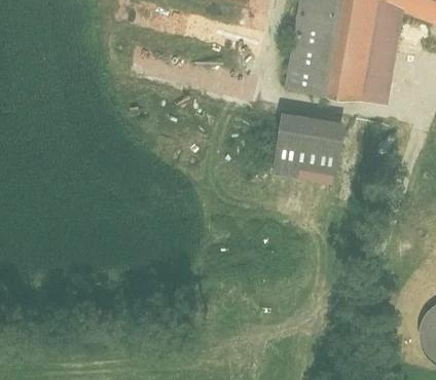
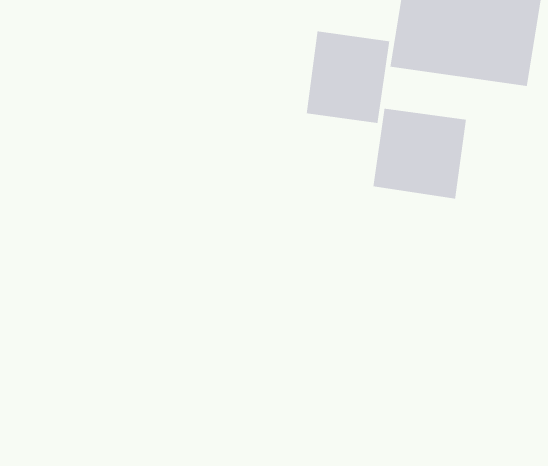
building: none -> [306,31,390,124]

